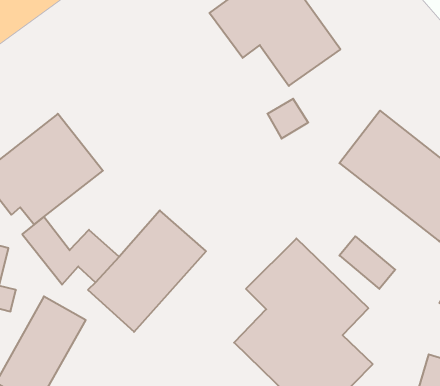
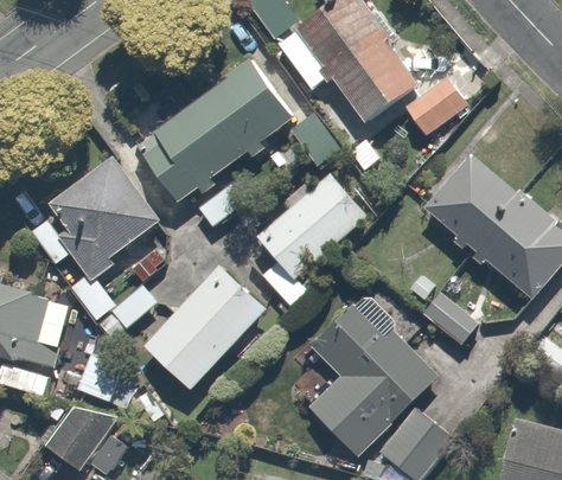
building: none -> [135,59,296,203]
building: none -> [404,73,475,143]
building: none -> [256,171,371,312]

